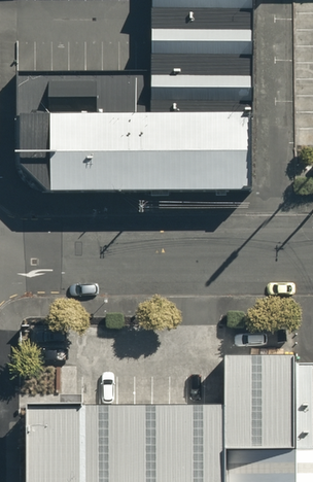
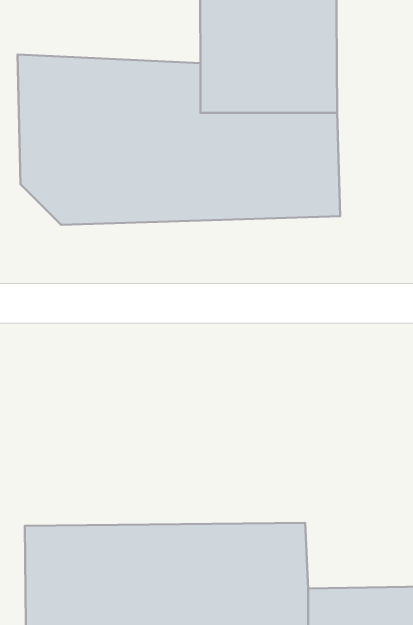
building: [224,356,298,451] -> none

